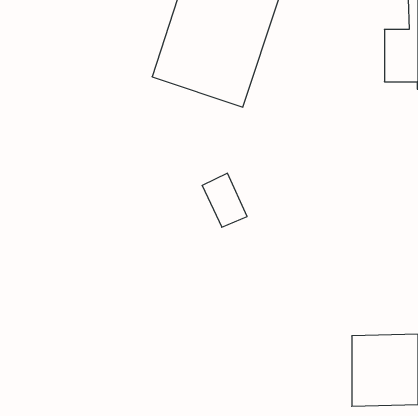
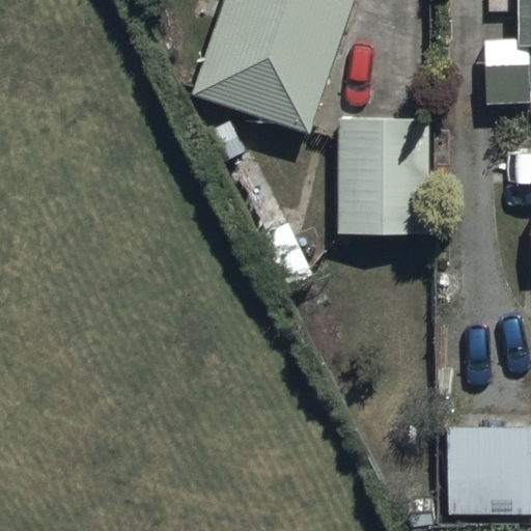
building: none -> [335,112,429,234]

